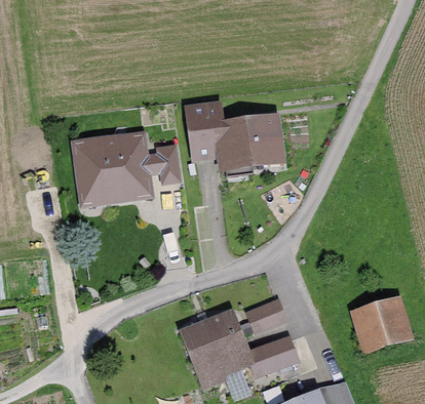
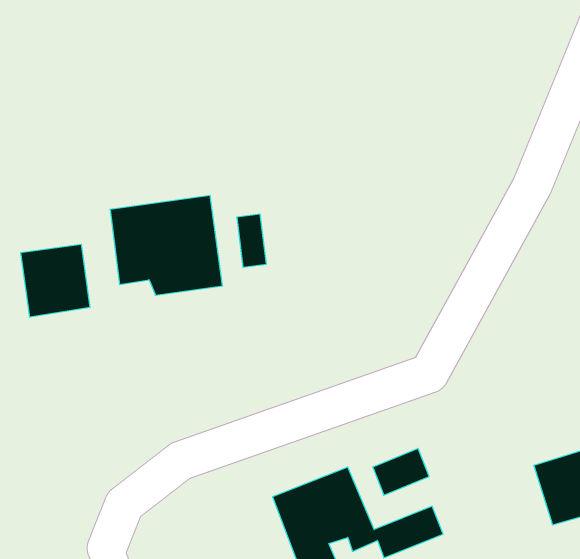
building: [190,105,279,165] -> none
building: none -> [21,244,90,317]

